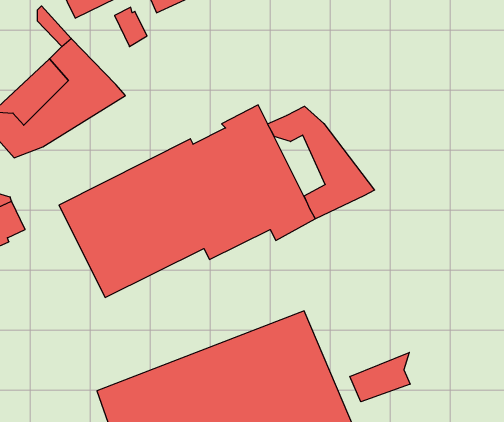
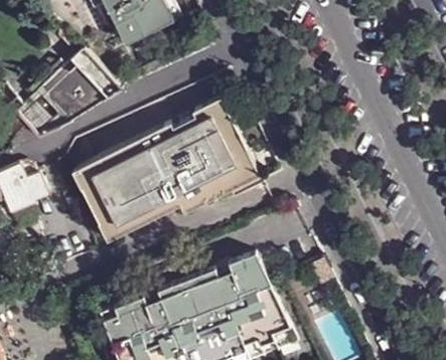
building: [268,106,375,219] -> none
building: [350,352,410,402] -> none

